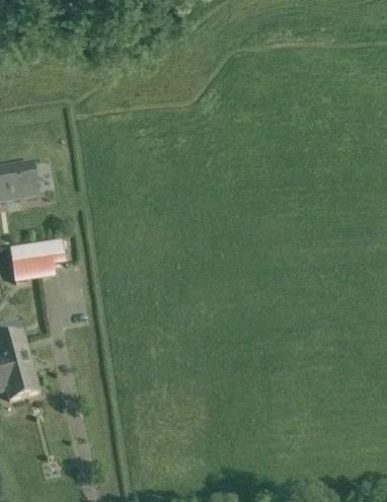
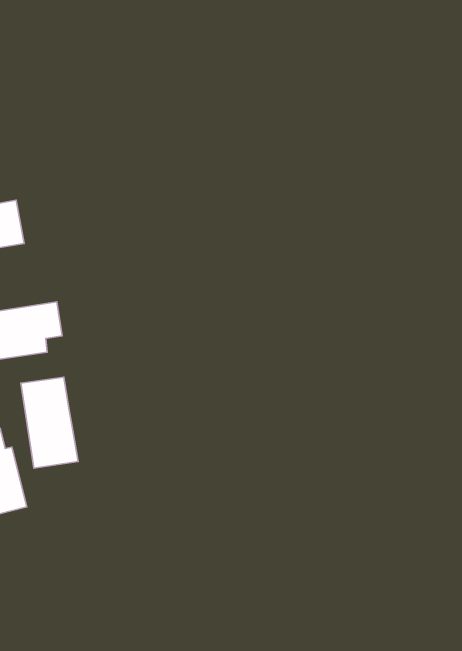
building: none -> [21,377,78,468]

